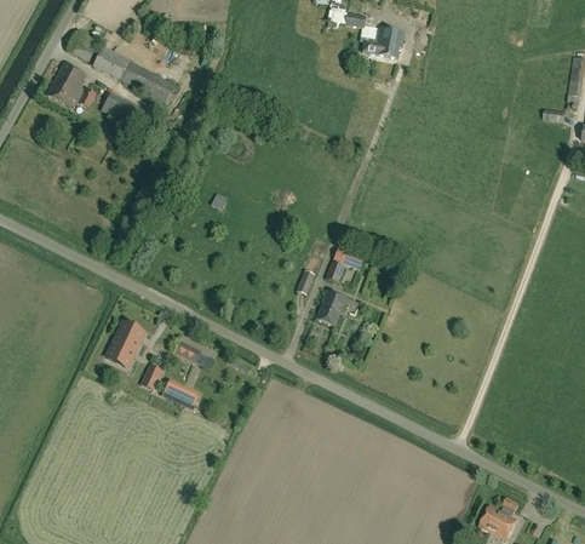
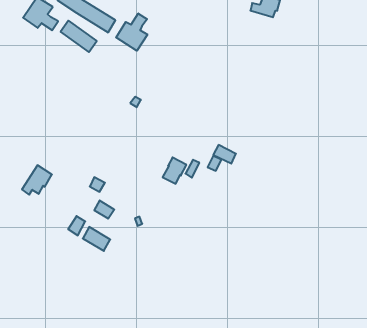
building: none -> [116,13,147,51]
building: [316,290,348,326] -> [163,157,186,184]
building: [107,320,147,362] -> [22,165,52,195]

